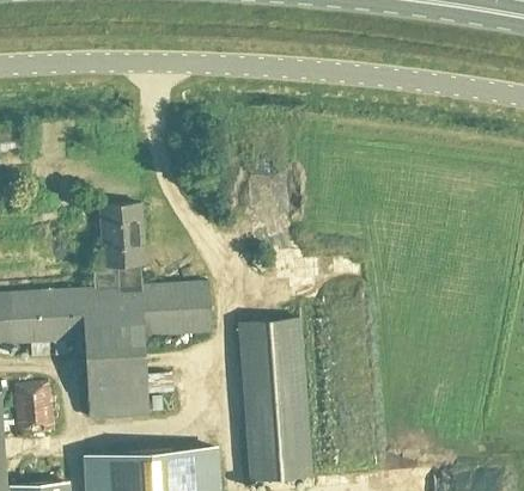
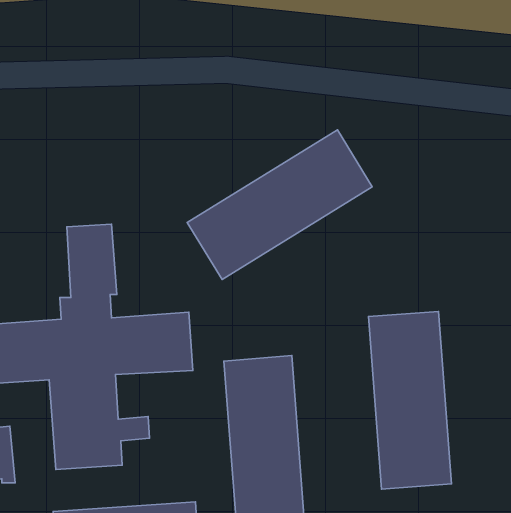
building: none -> [187,130,372,279]
building: none -> [368,311,452,489]

